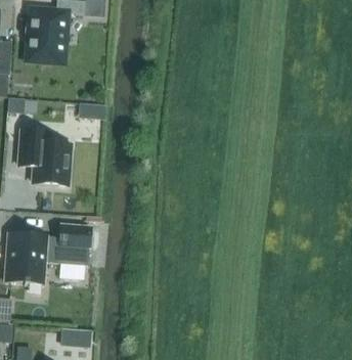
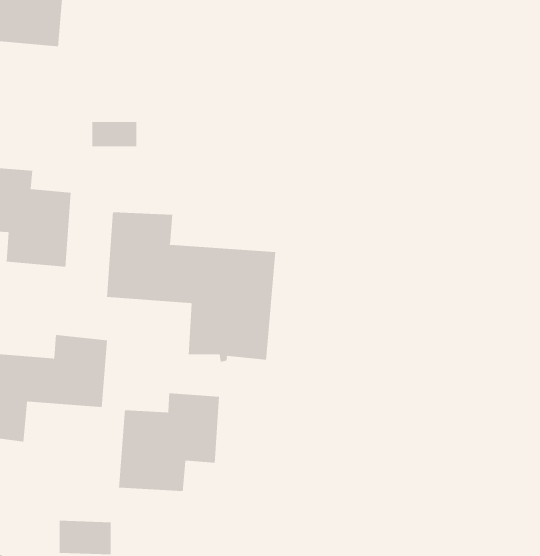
building: none -> [106,212,276,363]
building: none -> [119,393,220,492]

